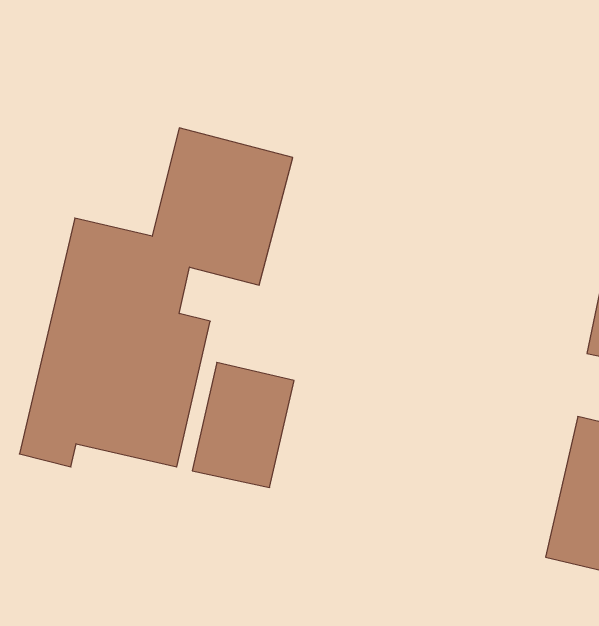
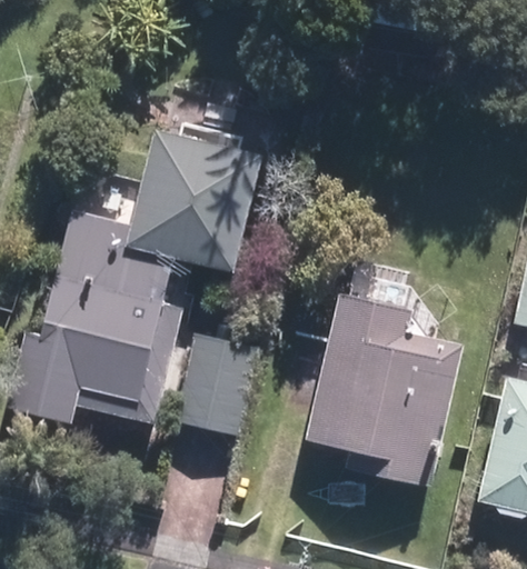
building: none -> [284,291,458,488]

